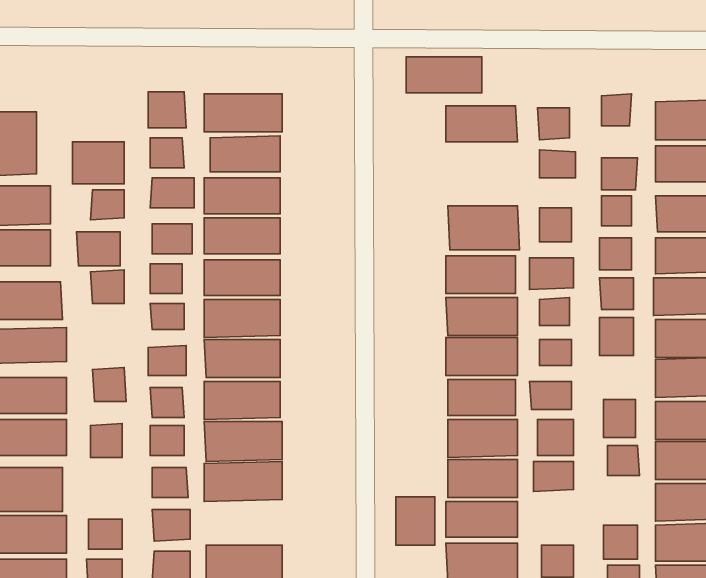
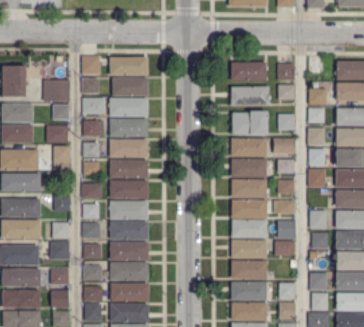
building: [406,57,482,93] -> [231,87,269,105]
building: none -> [50,241,70,259]
building: [396,497,435,545] -> none
building: none -> [110,262,148,281]

